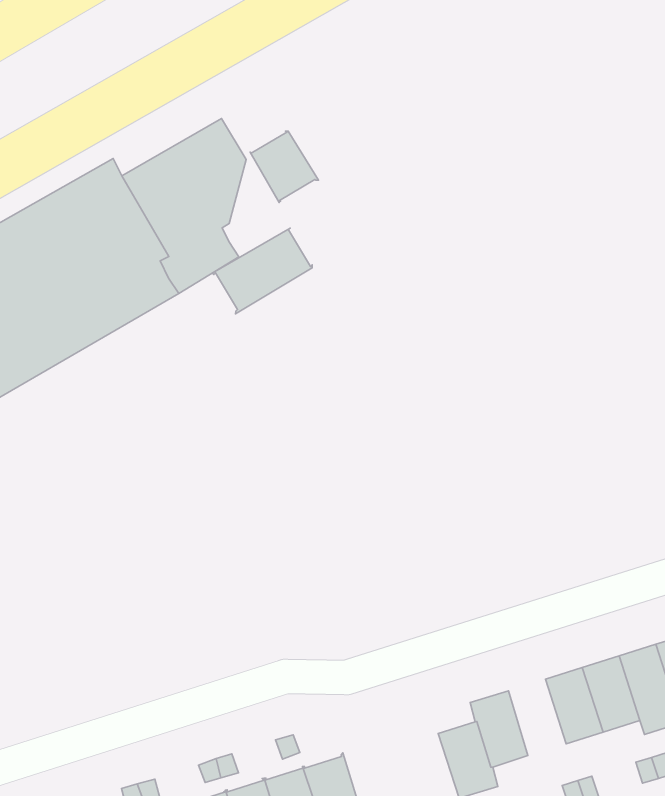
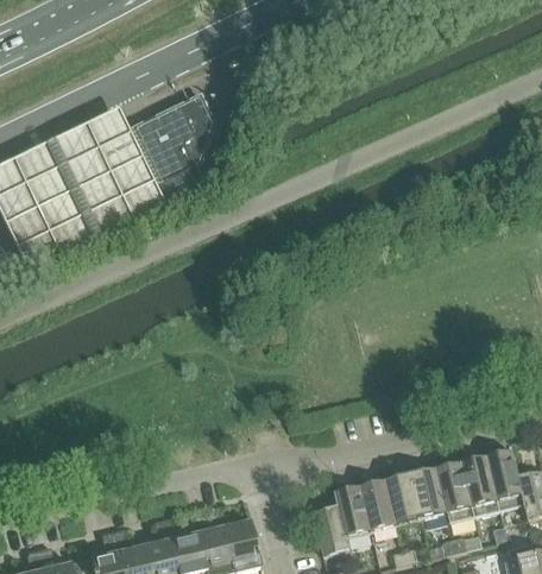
building: [250,131,318,203] -> none
building: [212,228,312,314] -> none
building: none -> [359,479,395,529]

